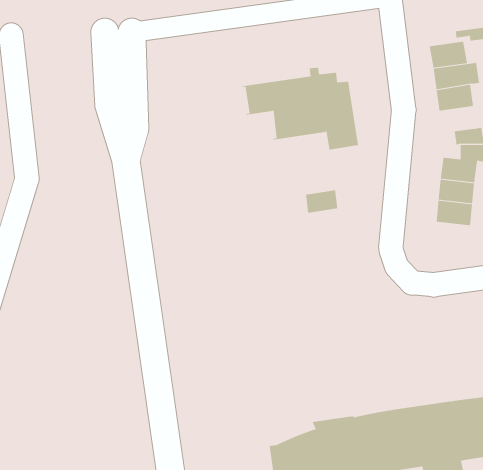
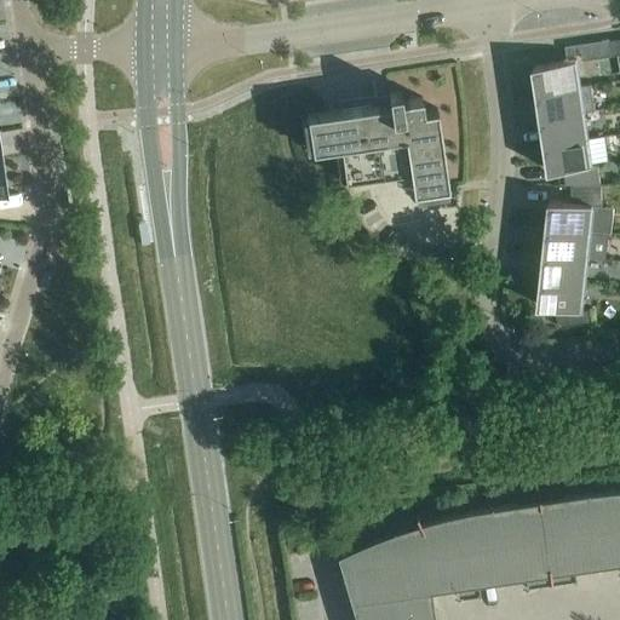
building: none -> [544,145,590,178]
building: [300,189,338,215] -> none
building: none -> [536,286,590,334]

